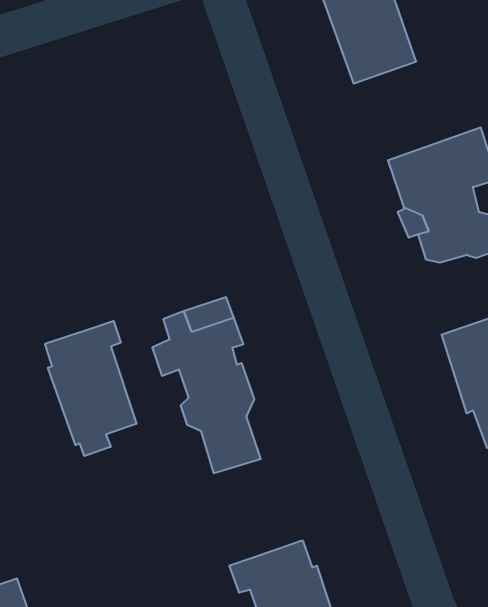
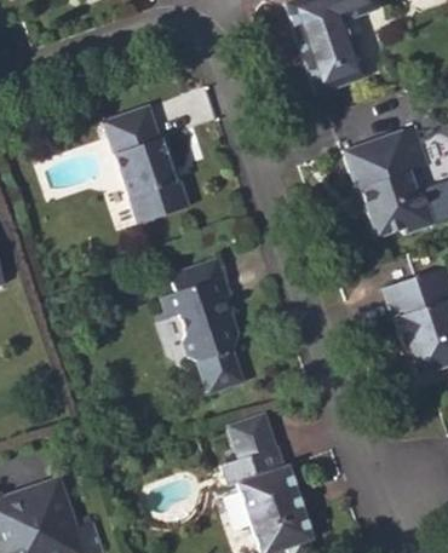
building: none -> [102,106,186,223]
building: [45,321,136,456] -> none
building: none -> [228,411,276,459]

